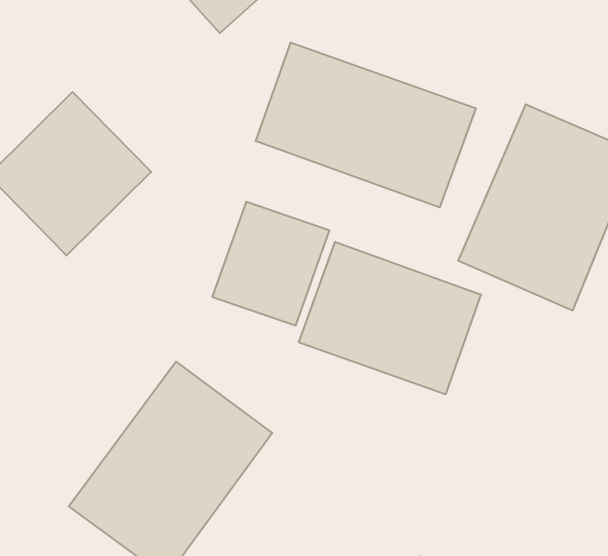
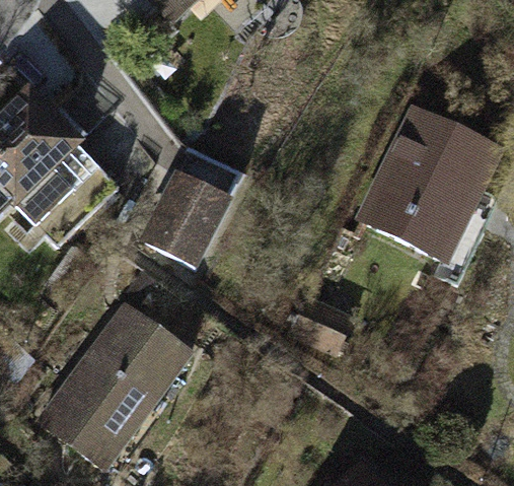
building: [256,43,476,207] -> none
building: [299,242,481,394] -> none

